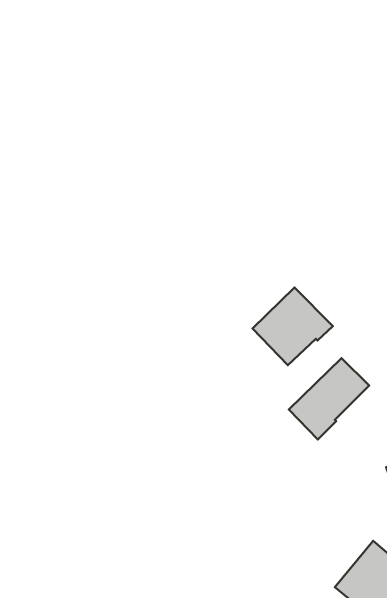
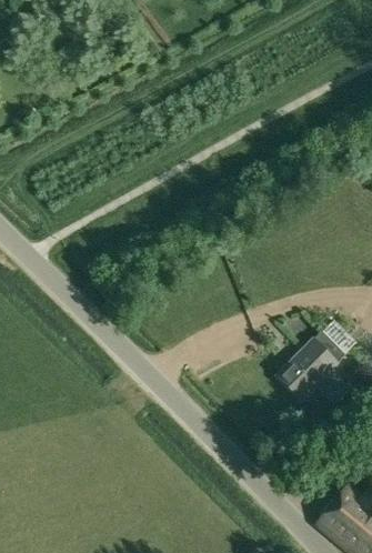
building: [253,287,333,365] -> none

